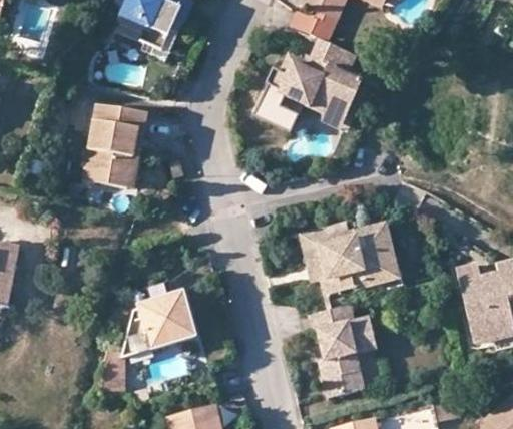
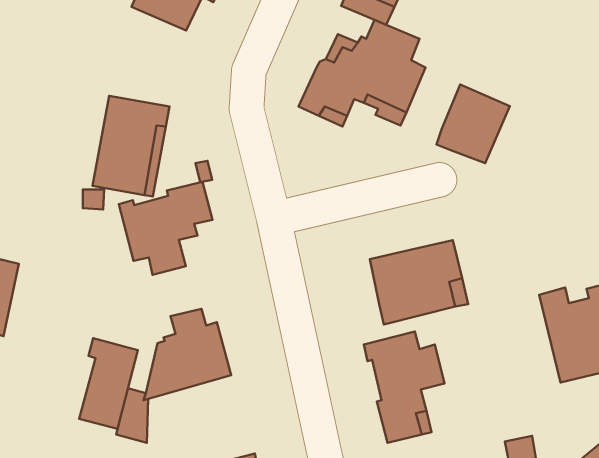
building: none -> [437,85,510,163]
building: none -> [119,182,213,275]
building: [300,222,349,282] -> none
building: none -> [79,338,138,429]

